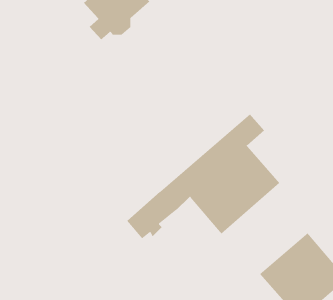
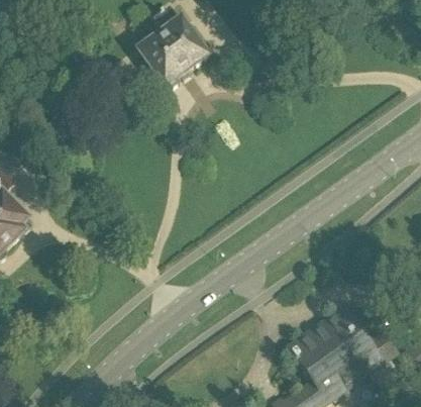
building: [126,113,280,239] -> none

